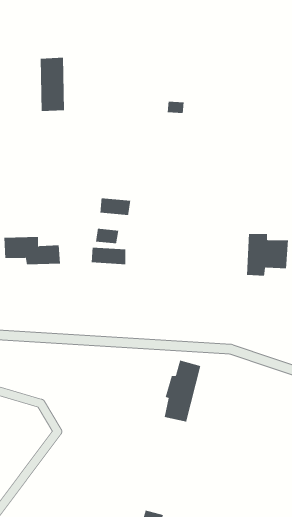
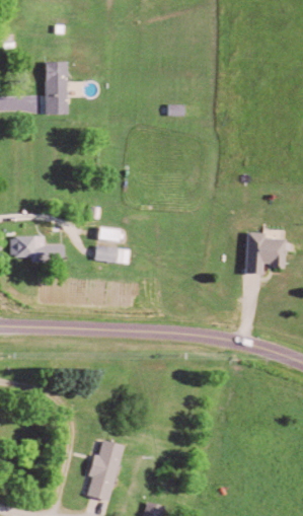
building: [100,197,131,216] -> none
building: [164,360,201,422] -> [87,439,124,500]

